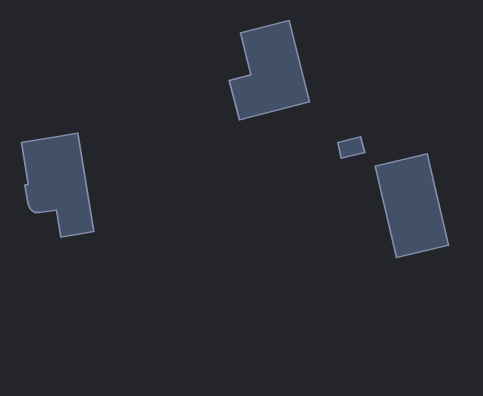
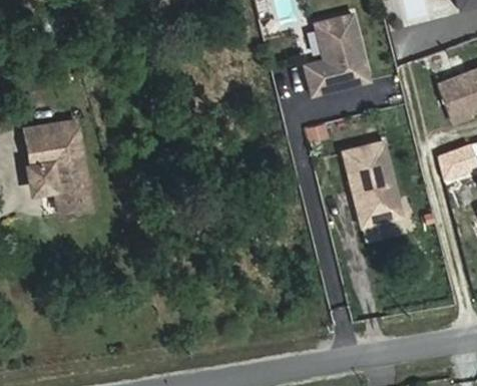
building: [229,21,309,120] -> [300,9,371,97]

